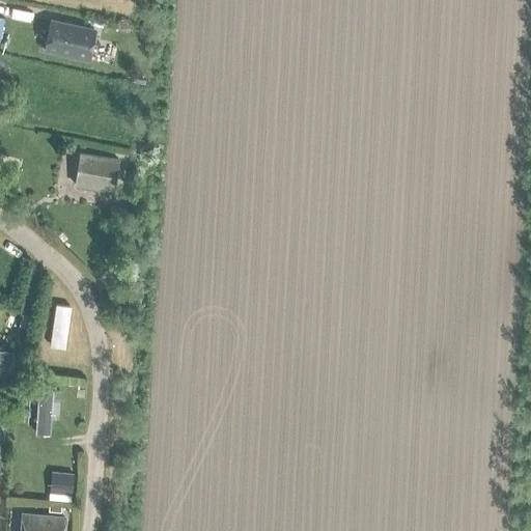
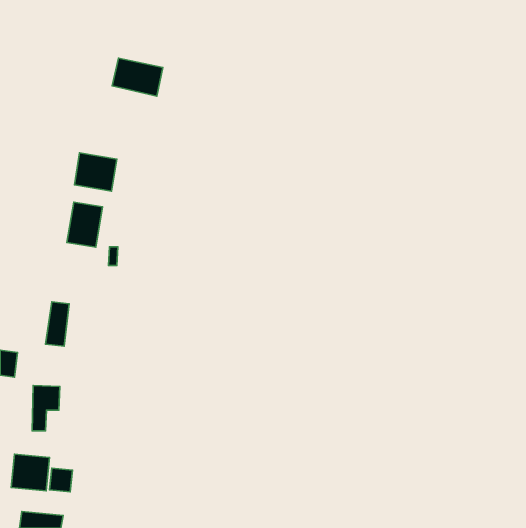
building: [46,22,96,60] -> [112,58,163,96]
building: none -> [67,202,103,247]
building: none -> [11,454,49,491]

